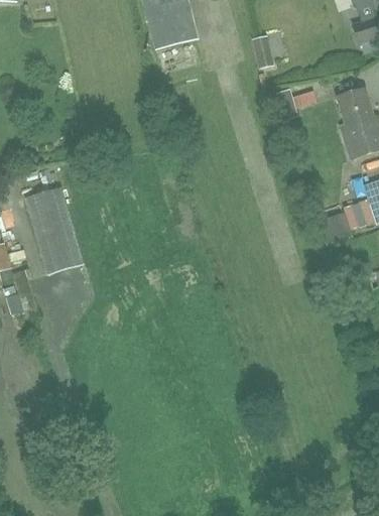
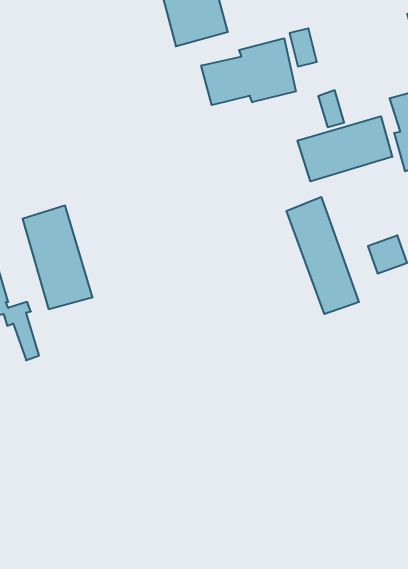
building: none -> [201,38,296,105]
building: none -> [298,116,392,181]
building: none -> [287,197,359,314]

